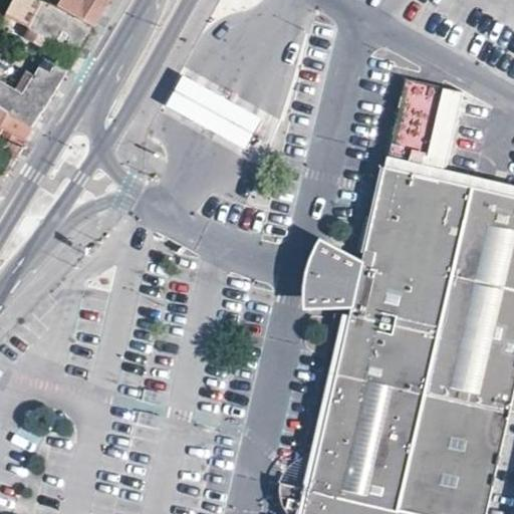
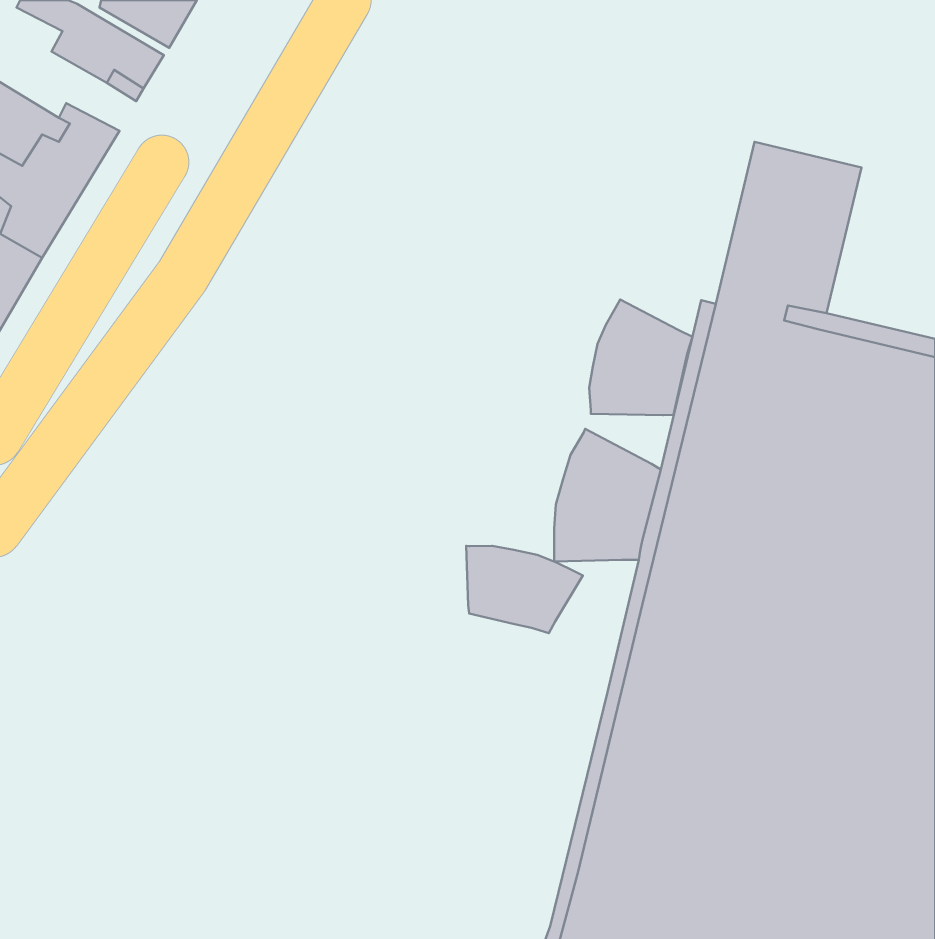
building: [168,82,257,150] -> none
building: none -> [589,300,692,415]
building: none -> [466,546,583,633]

